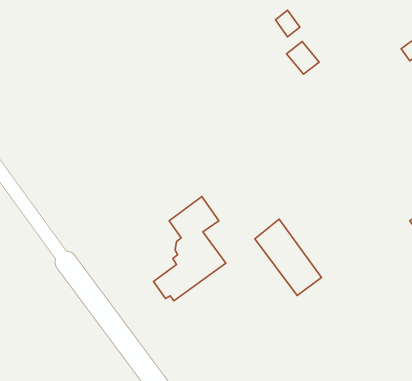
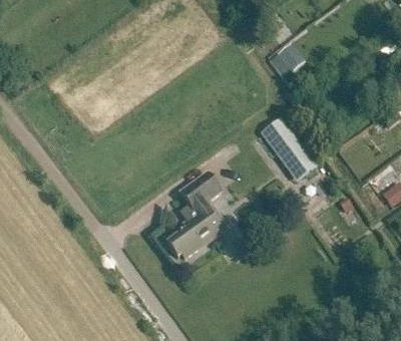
building: [255,219,322,296] -> [262,116,317,180]

